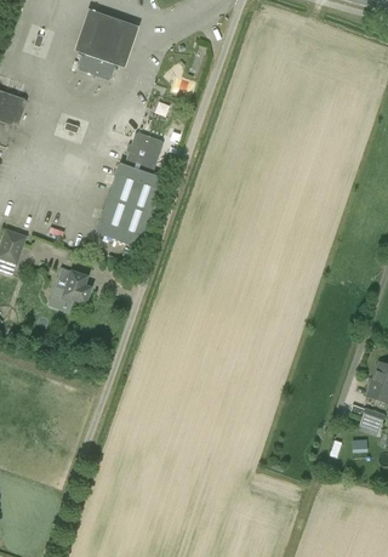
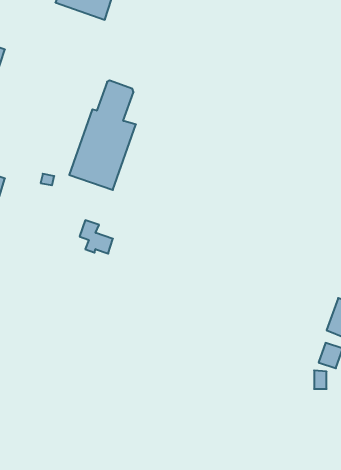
building: [76,55,113,80] -> none
building: [53,268,89,303] -> [80,220,113,254]

